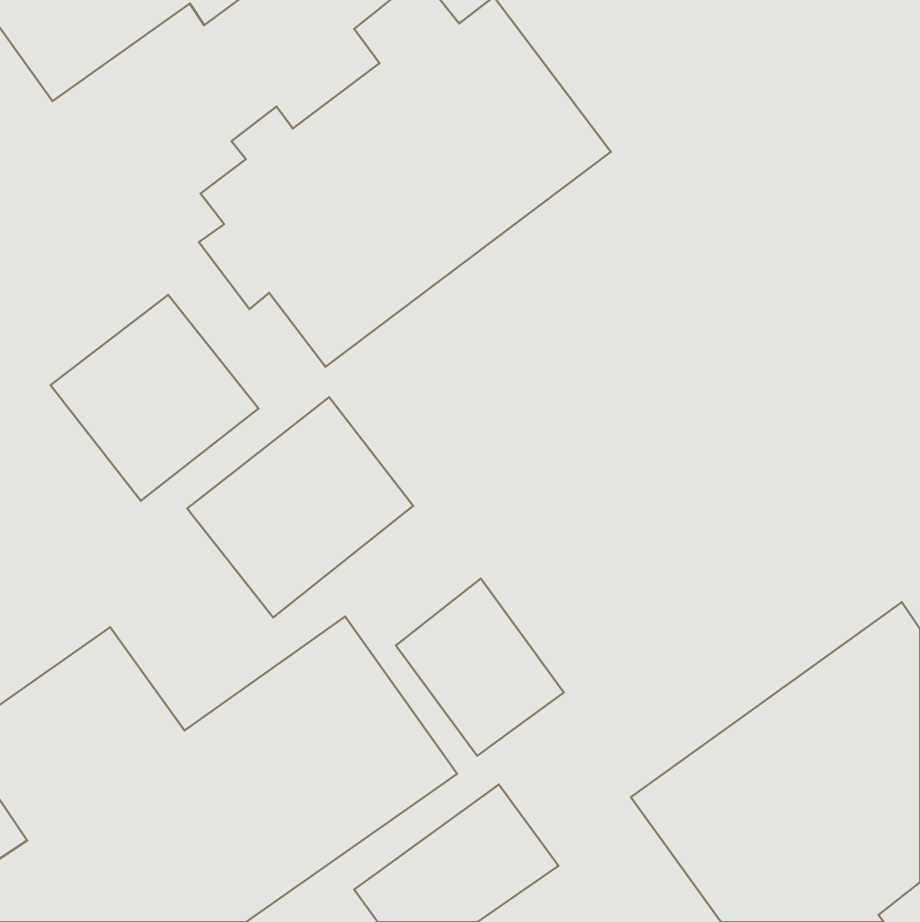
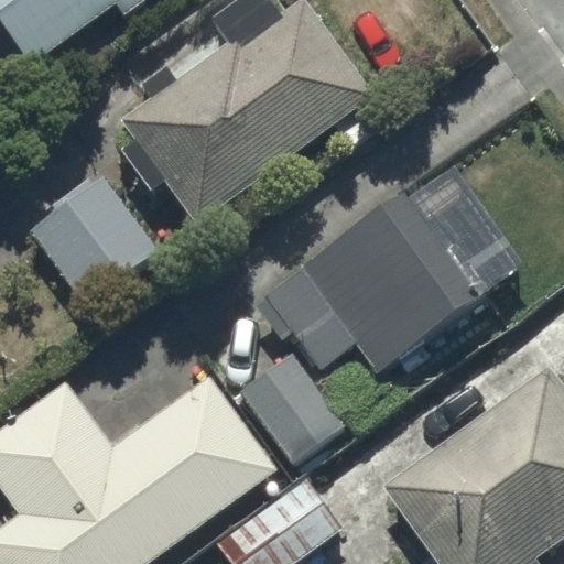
building: none -> [267,191,494,372]
building: [187,397,413,618] -> none

